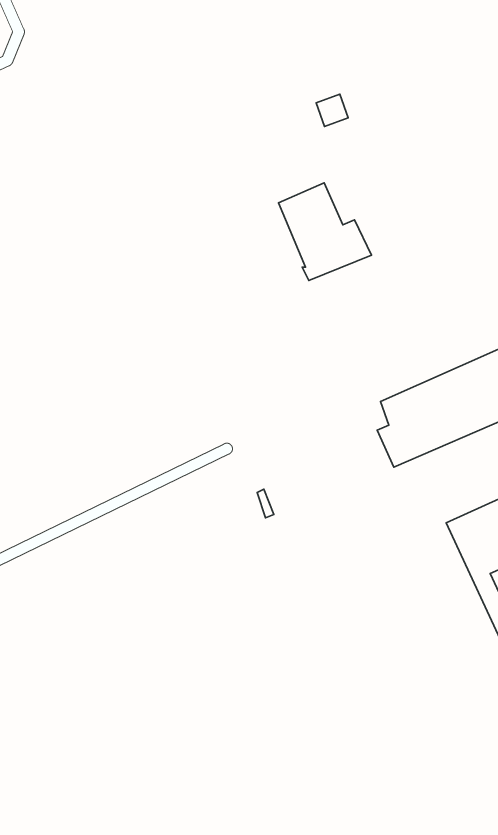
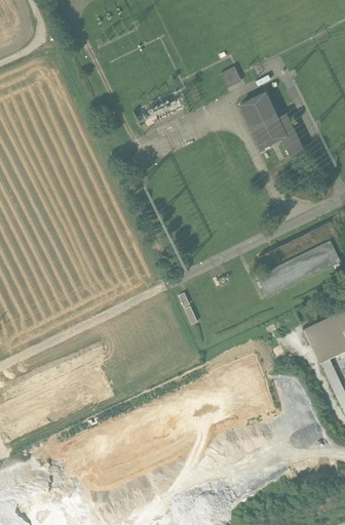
building: [279,183,371,281] -> [242,91,299,151]

